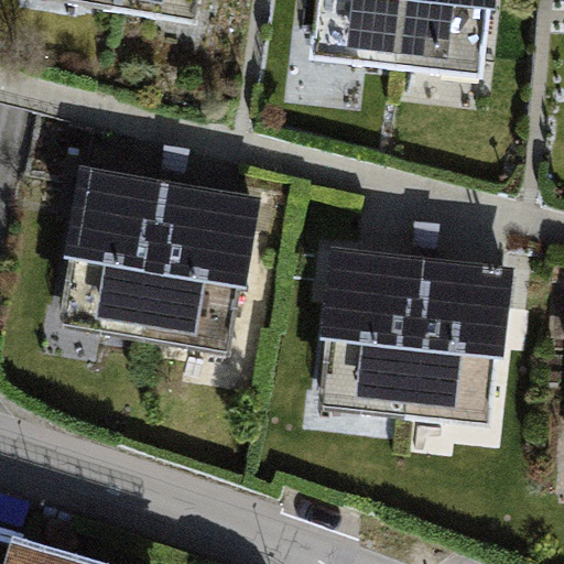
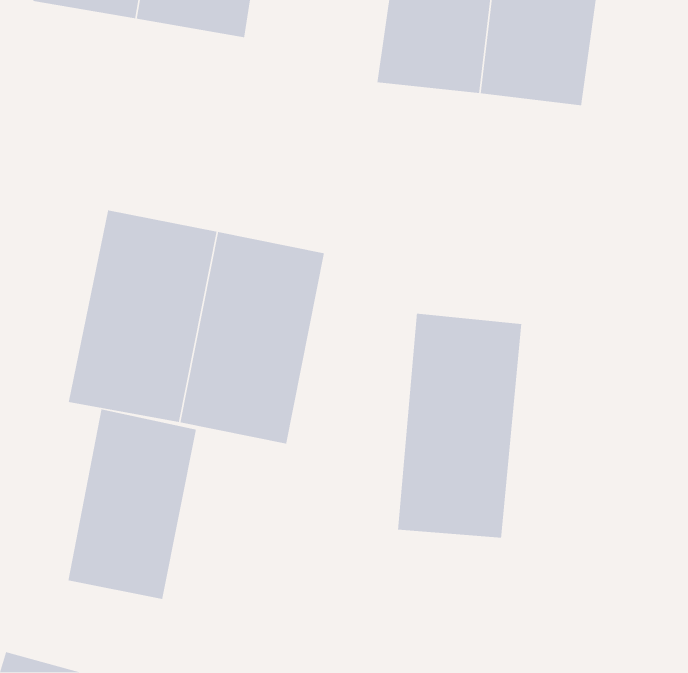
building: [406,262,511,444] -> none
building: none -> [67,408,197,600]

